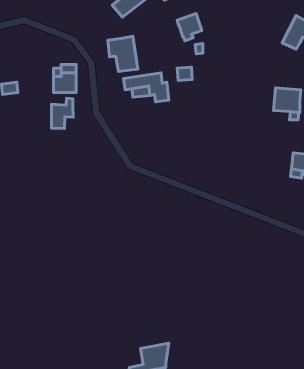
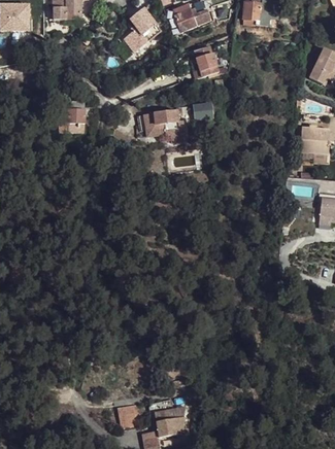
building: [108,36,138,71] -> none
building: [52,98,73,128] -> none
building: none -> [118,405,139,427]

